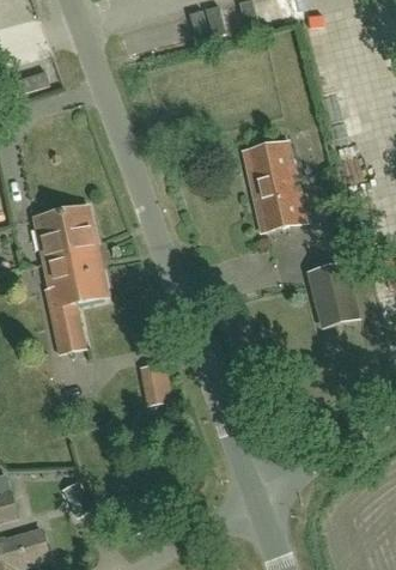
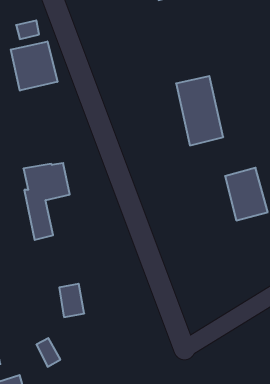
building: none -> [11,41,57,91]
building: [36,205,97,261] -> none
building: [140,362,172,405] -> [59,284,84,317]

